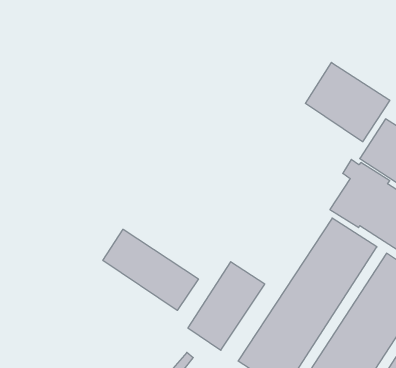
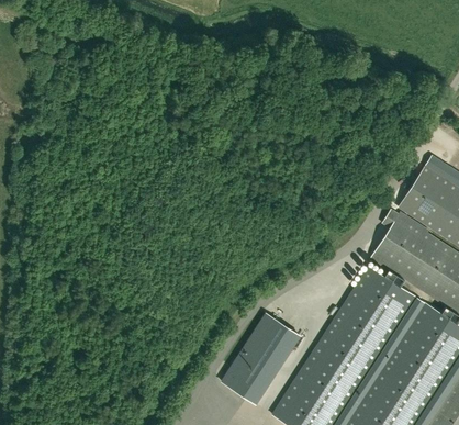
building: [305,62,390,142] -> none
building: [103,229,198,310] -> none

